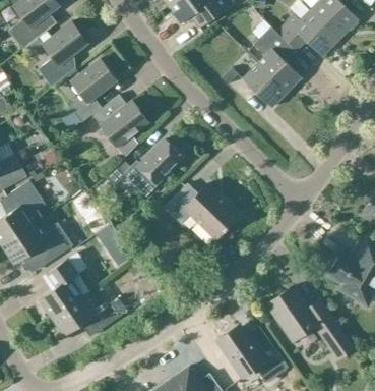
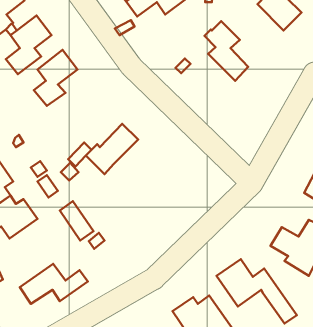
building: [278,9,340,56] -> none
building: [244,63,288,107] -> none
building: [92,95,148,156] -> none
building: [165,184,240,240] -> none
building: [40,254,89,318] -> none

